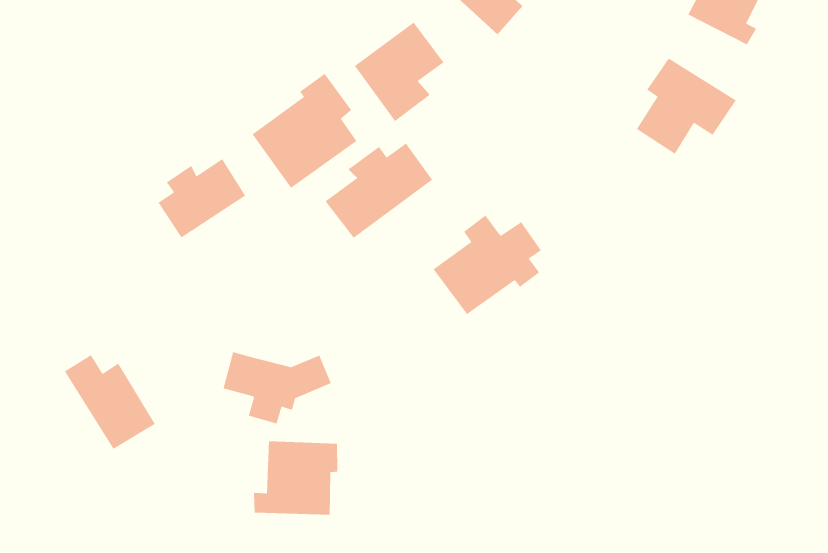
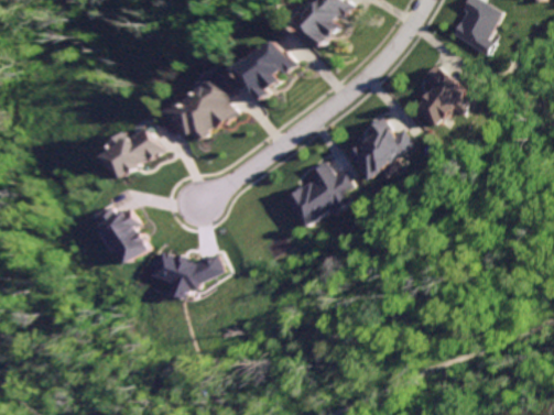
building: none -> [346,114,409,178]
building: [324,143,433,239] -> none
building: [64,354,156,450] -> [91,203,151,264]
building: [253,440,338,515] -> none

